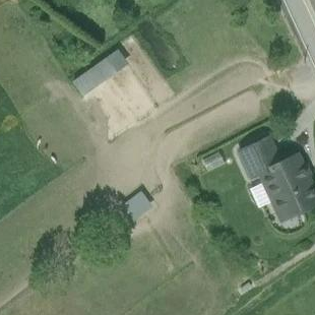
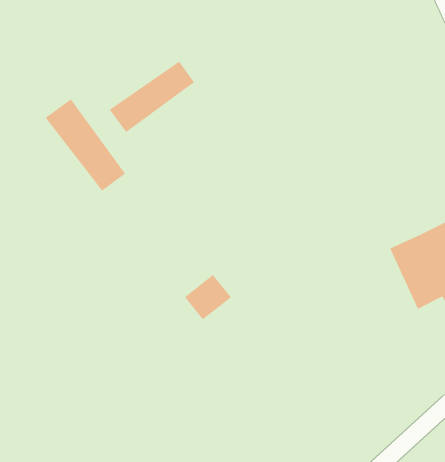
building: none -> [45,98,126,192]
building: [242,135,284,175] -> none

